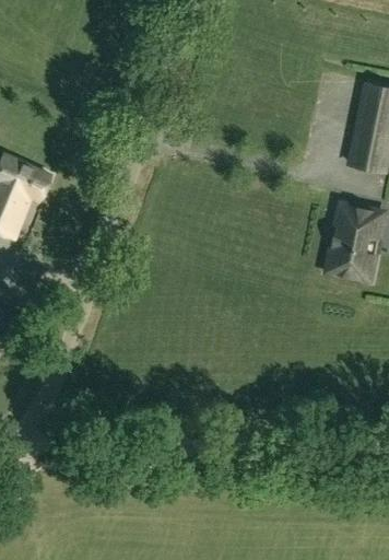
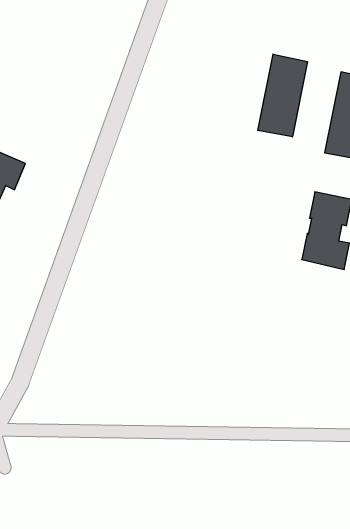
building: none -> [258,54,307,137]

